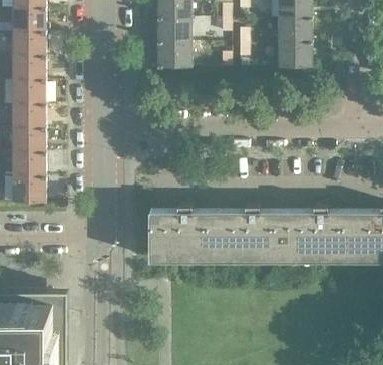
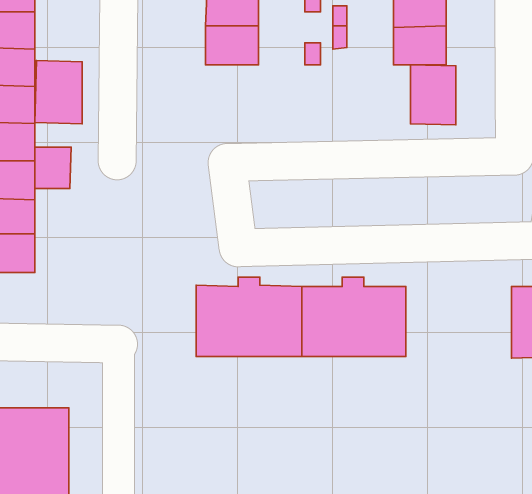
building: none -> [35,60,82,124]
building: none -> [411,65,456,125]
building: none -> [35,147,71,188]
building: [285,208,353,260] -> none

